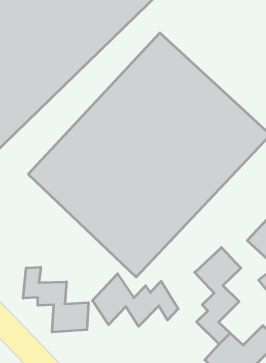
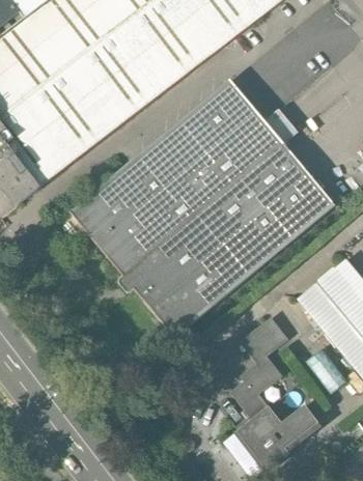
building: [23,267,88,332] -> none
building: [92,274,178,326] -> none

